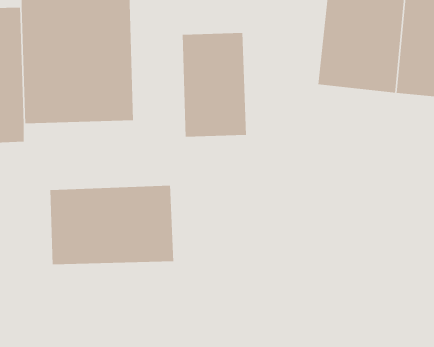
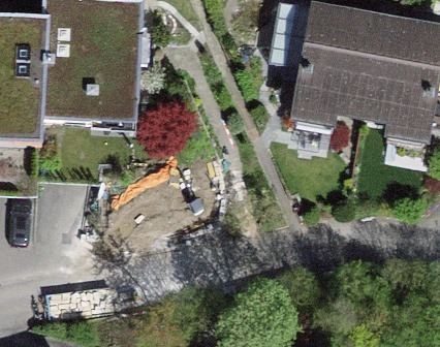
building: [182,32,247,137] -> none
building: [50,185,174,265] -> none

